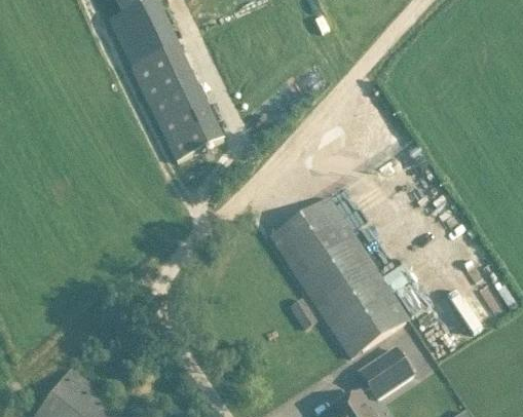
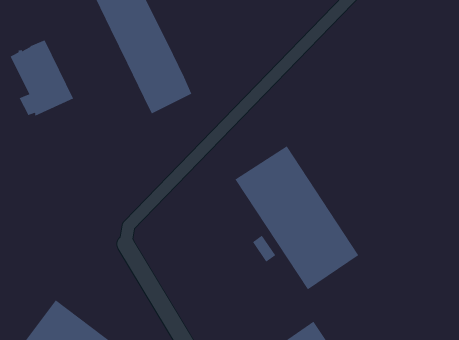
building: none -> [7,39,74,116]
building: [359,344,414,395] -> none

